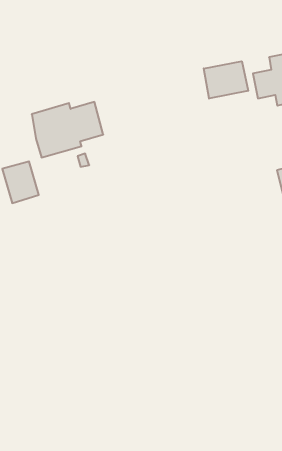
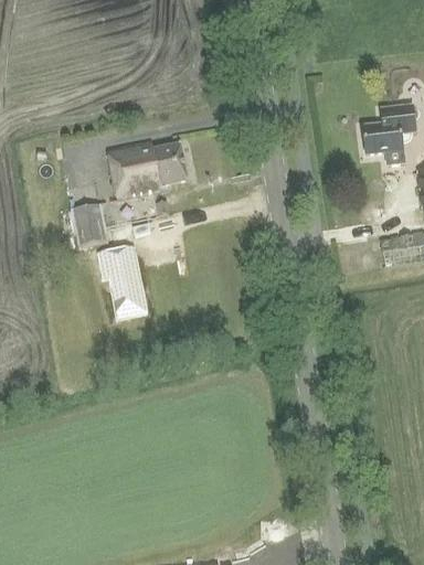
building: [204,61,248,99] -> none
building: none -> [97,245,148,318]

